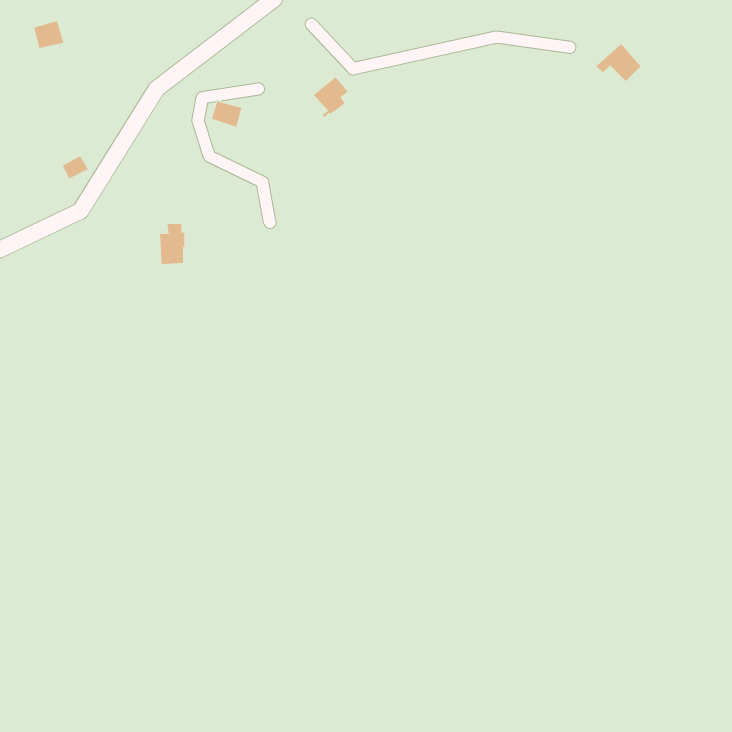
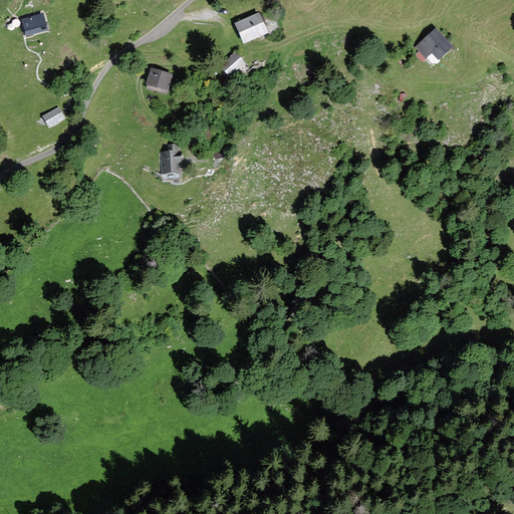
building: none -> [236,15,265,41]
building: [159,223,185,265] -> [161,145,179,174]

